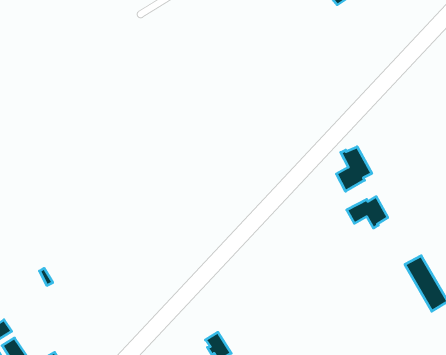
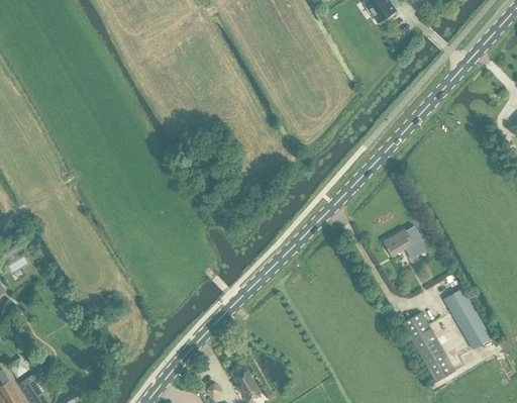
building: [336,147,372,191] -> none
building: none -> [402,312,454,381]

